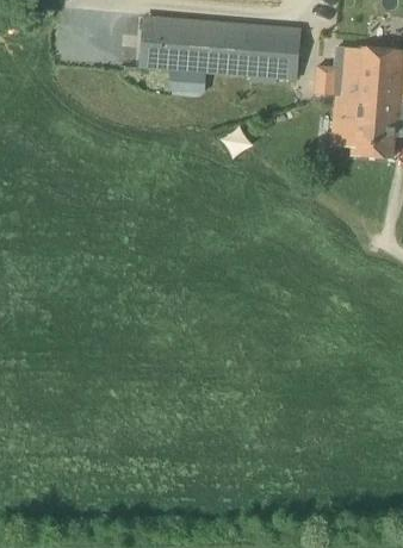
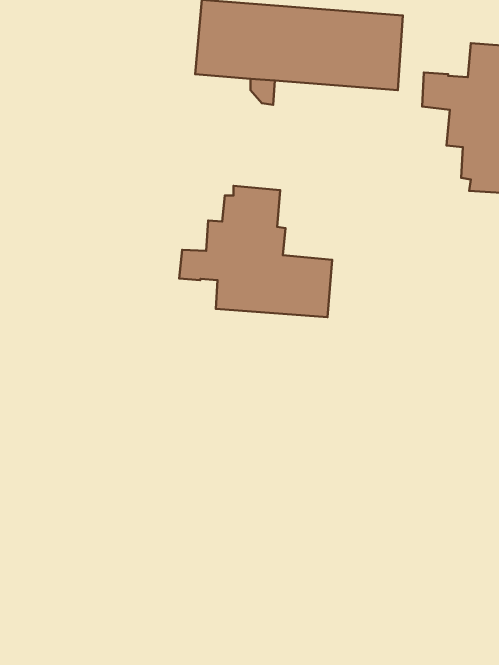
building: none -> [179,186,332,317]

